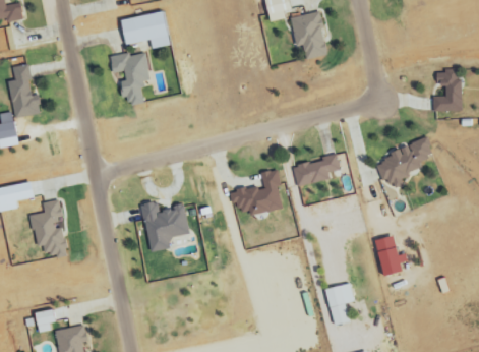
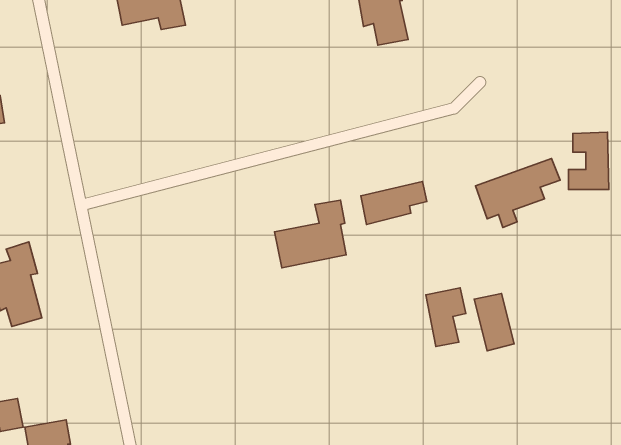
building: [109,53,151,105] -> none
building: [433,70,462,111] -> [569,132,609,190]
building: [142,201,189,251] -> none
building: [325,283,354,325] -> [426,288,466,347]

